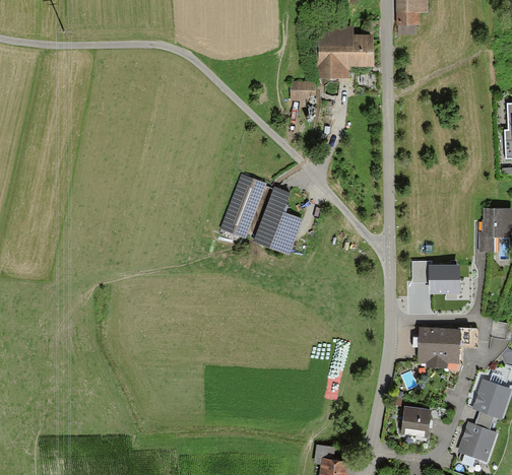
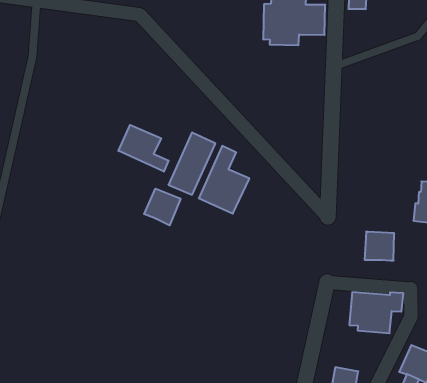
building: [291,79,316,106] -> none
building: none -> [118,125,169,172]
building: none -> [144,189,181,225]
building: [412,262,432,283] -> none

